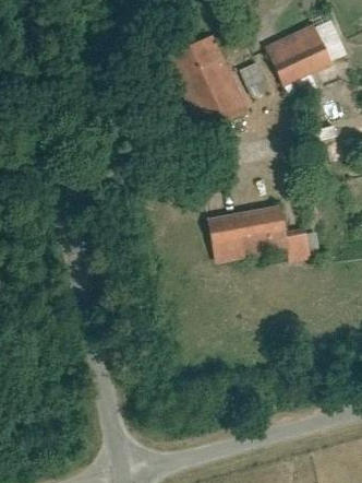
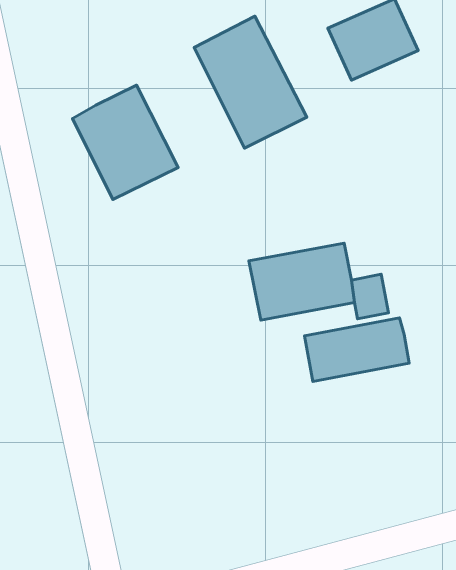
building: none -> [72,85,178,199]
building: none -> [305,318,409,382]

